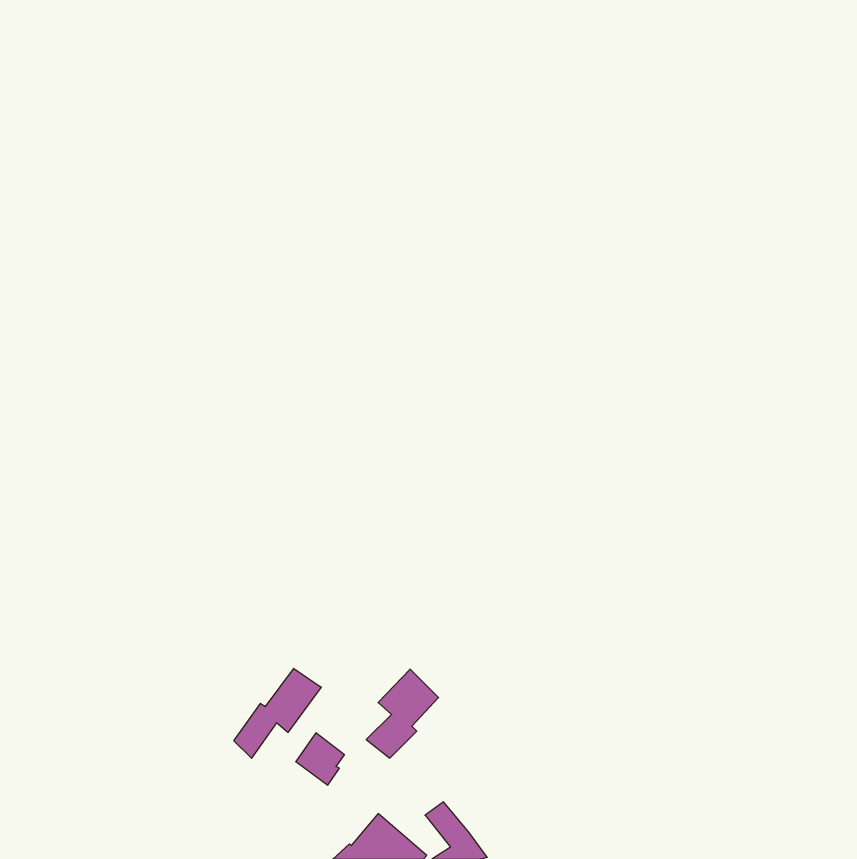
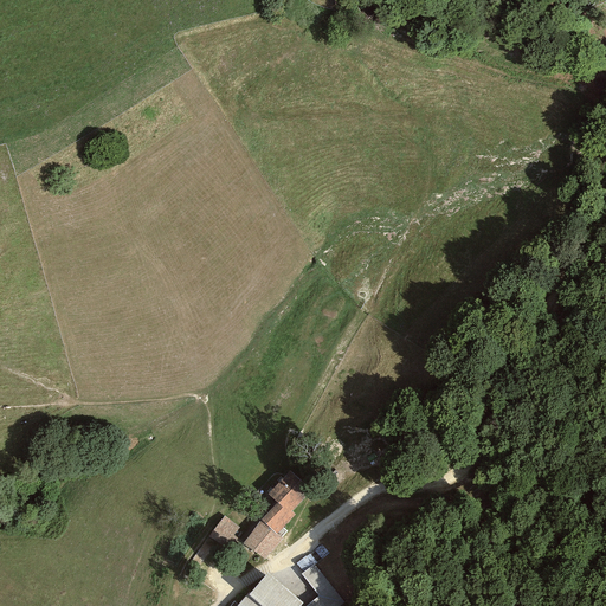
building: [234,668,321,758] -> none
building: none -> [241,521,281,560]

